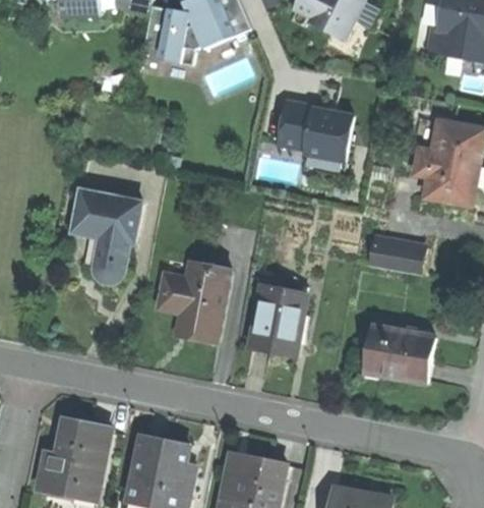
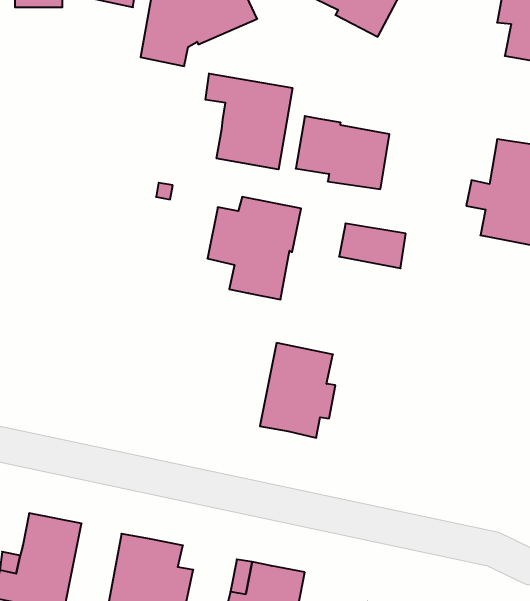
building: none -> [205,73,292,169]
building: [71,189,141,282] -> none
building: [369,239,422,275] -> [339,223,406,268]
building: [158,259,232,340] -> [207,197,301,299]
building: [364,327,434,384] -> none

